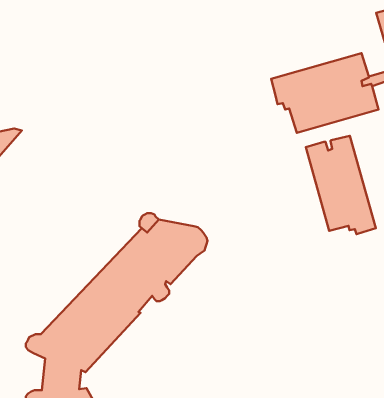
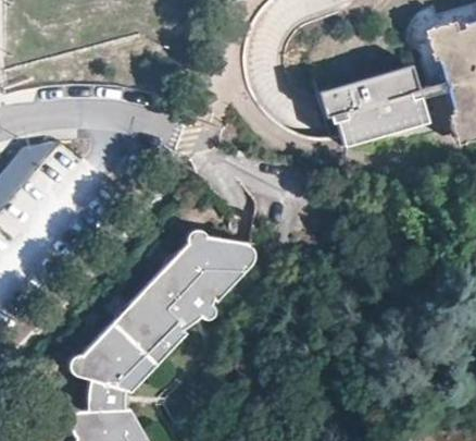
building: [306,136,376,234] -> none

